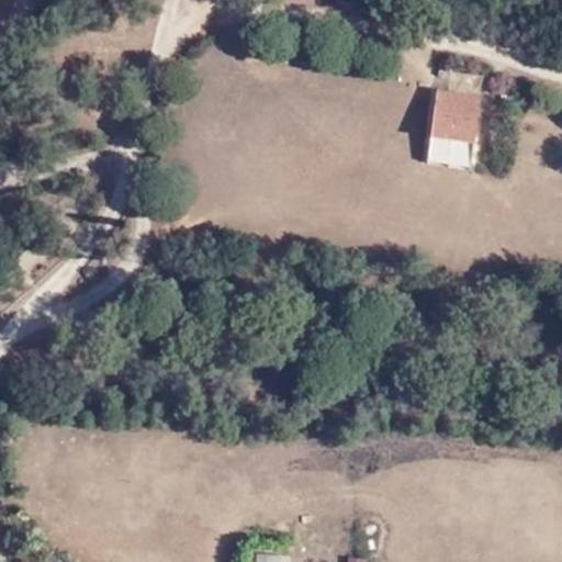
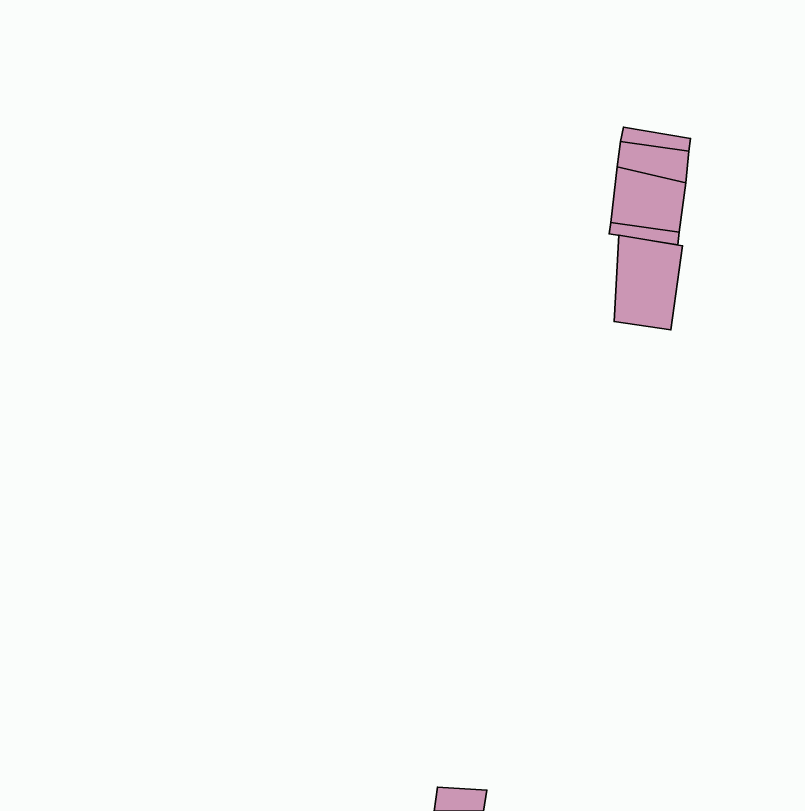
building: none -> [614,235,682,330]

